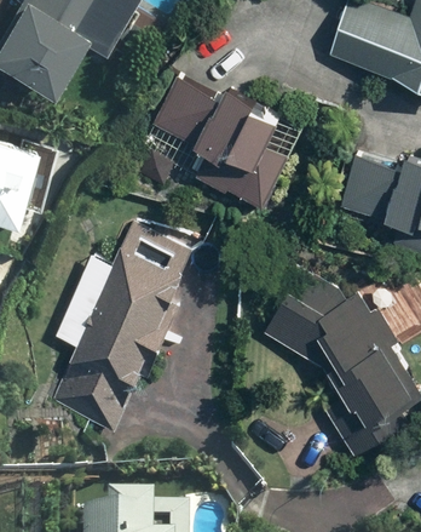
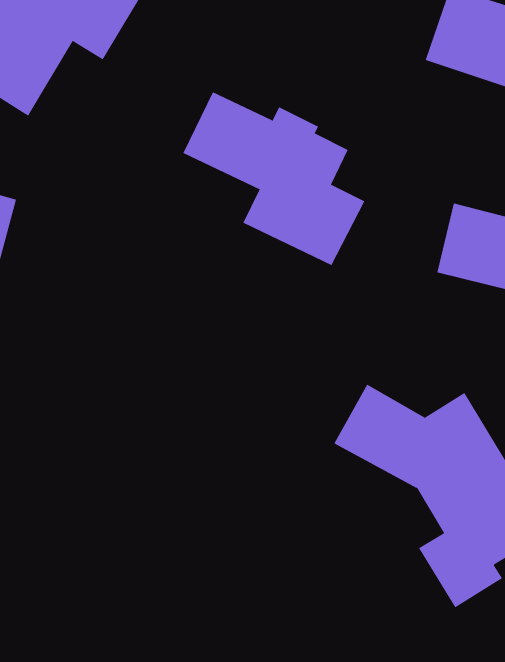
building: [53,224,195,430] -> none

